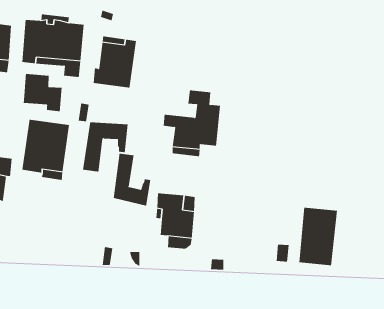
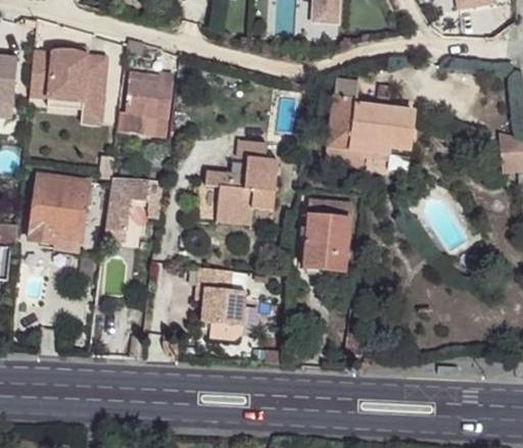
building: none -> [325,80,413,165]
building: [23,73,62,112] -> none
building: [113,153,151,206] -> none
building: [298,207,338,266] -> [303,198,352,271]

